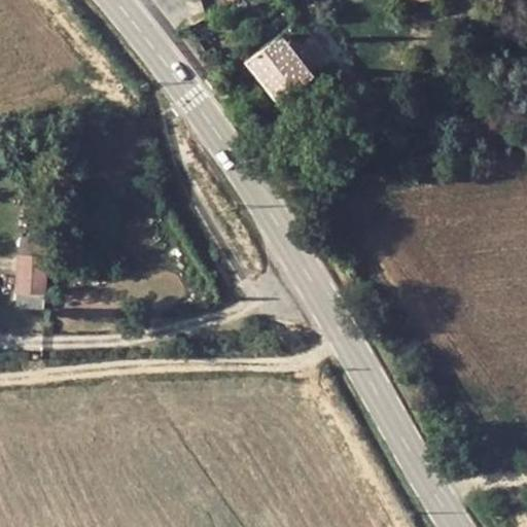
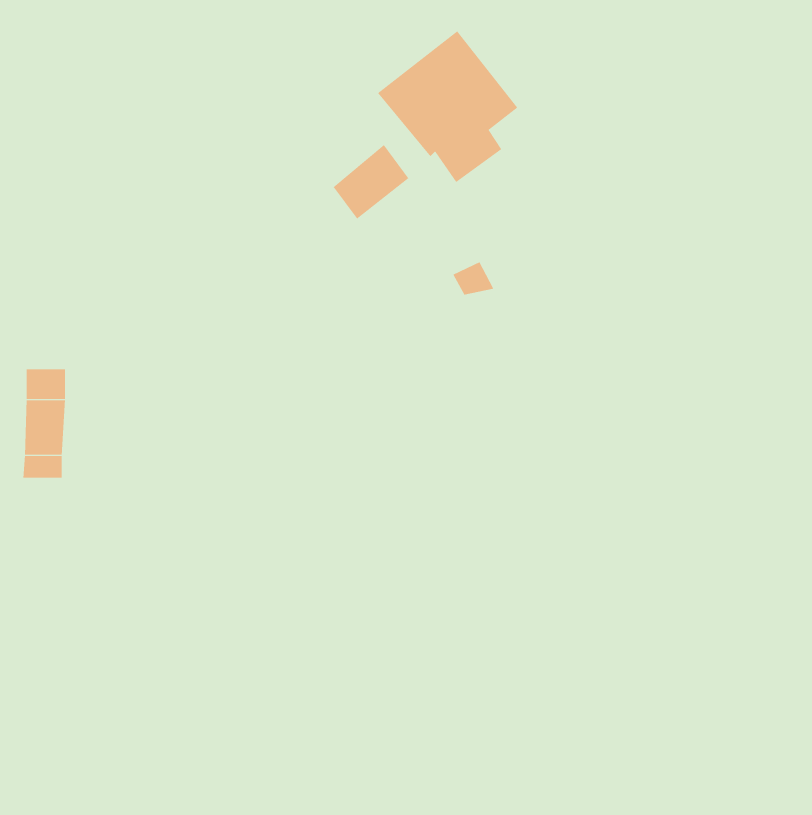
building: none -> [333,144,409,220]

